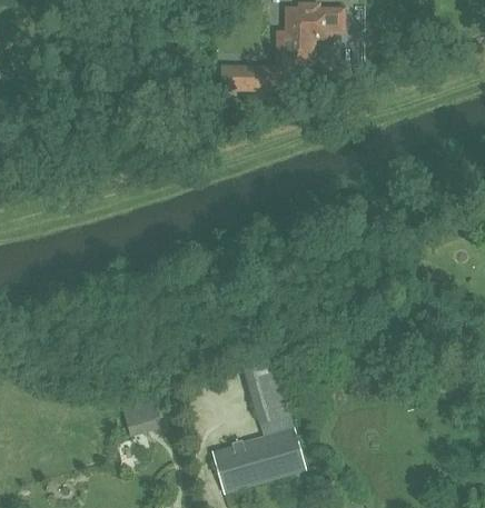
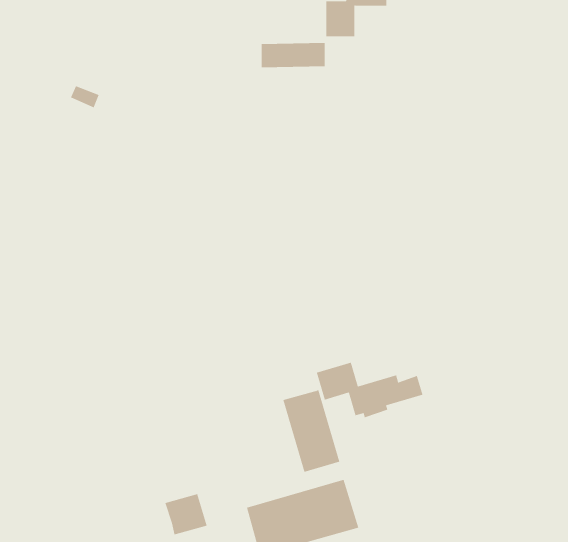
building: none -> [316,362,423,418]
building: [122,400,158,435] -> [164,494,207,535]

